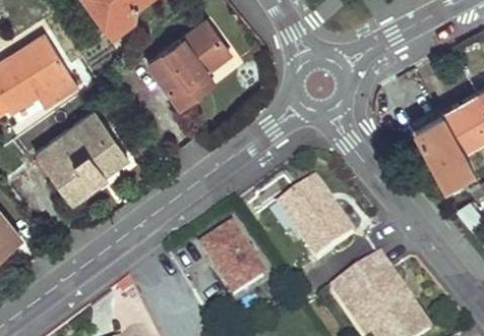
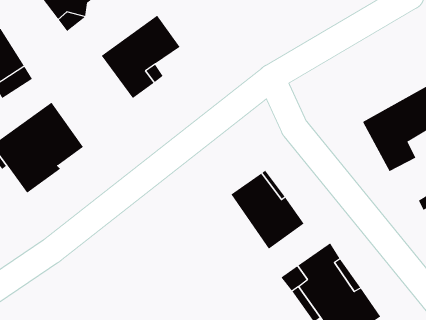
building: [202,226,265,294] -> none

